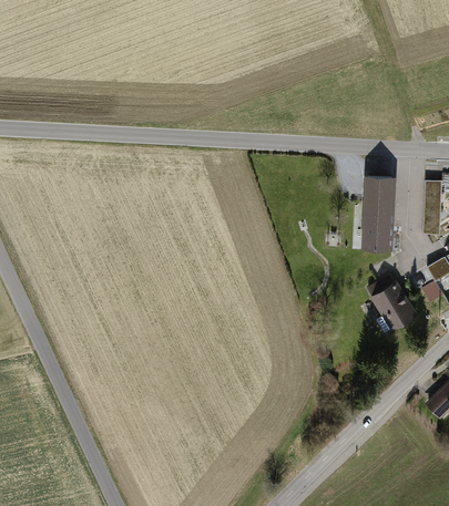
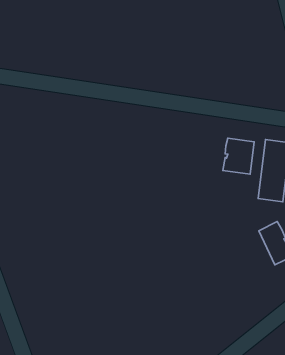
building: none -> [223,138,254,174]

